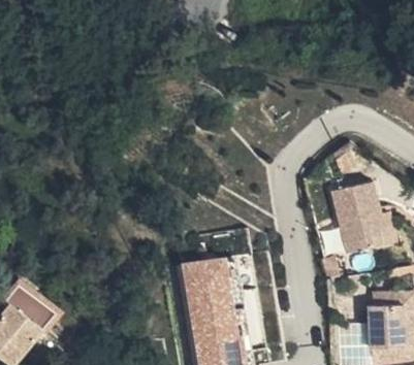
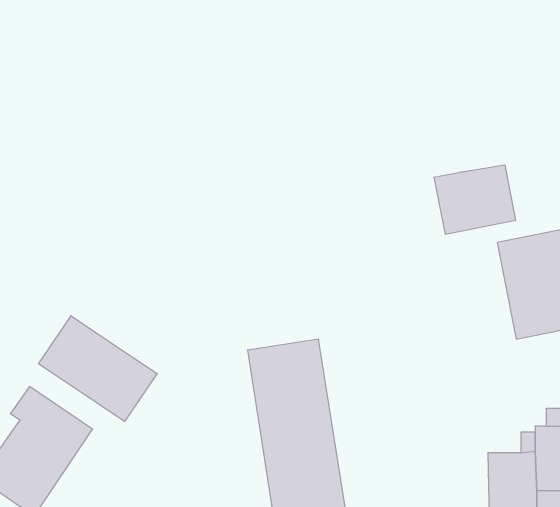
building: none -> [434,165,516,234]
building: none -> [39,316,157,422]

